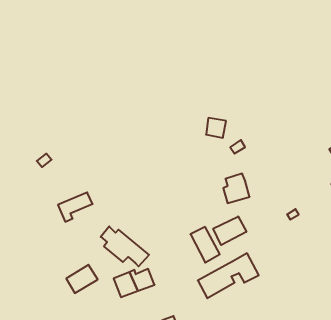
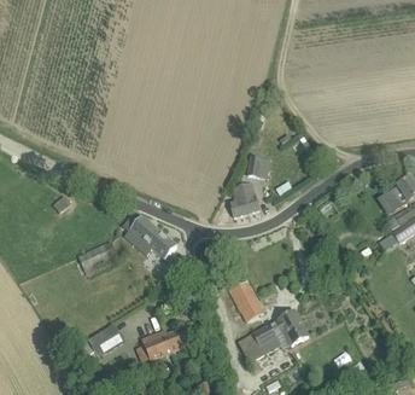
building: [223,174,250,203] -> [228,182,258,216]
building: [213,216,246,245] -> none
building: [101,226,149,266] -> [121,213,176,259]

